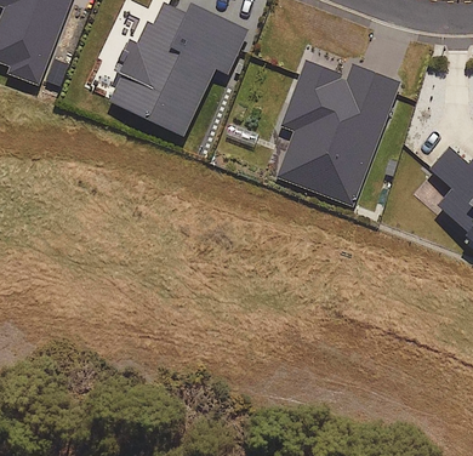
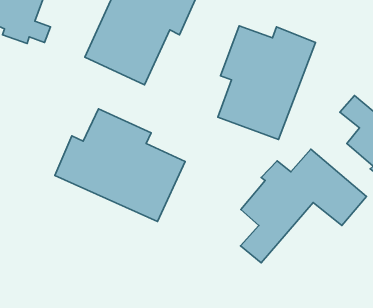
building: none -> [55,109,185,221]
building: none -> [240,149,367,263]

